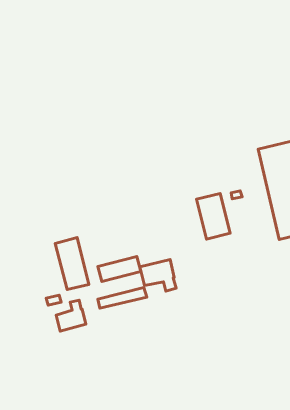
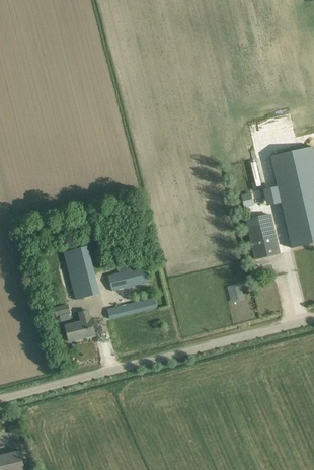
building: [196,193,230,239] -> [245,212,280,258]
building: [140,260,176,291] -> none

